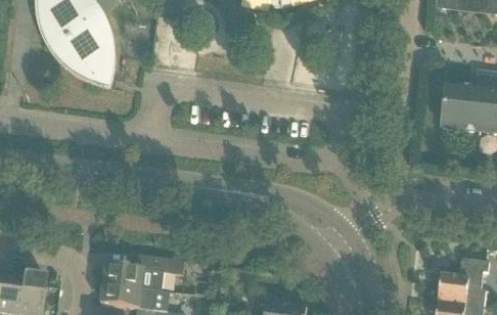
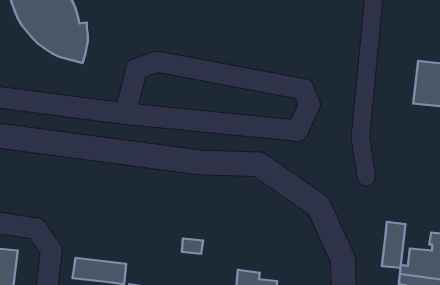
building: none -> [382,222,406,268]
building: [103,254,185,289] -> none

